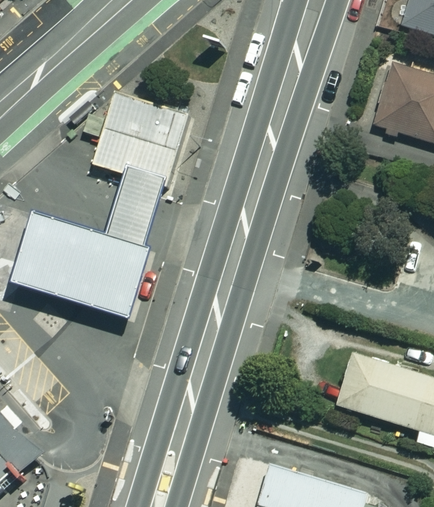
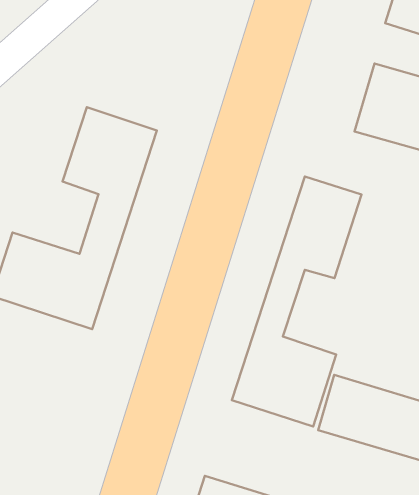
building: none -> [232,177,362,427]

